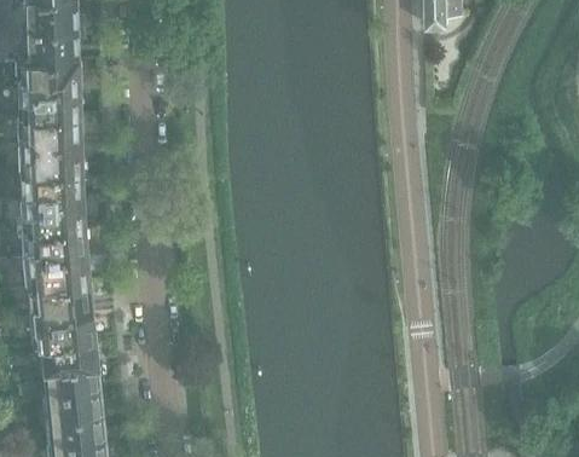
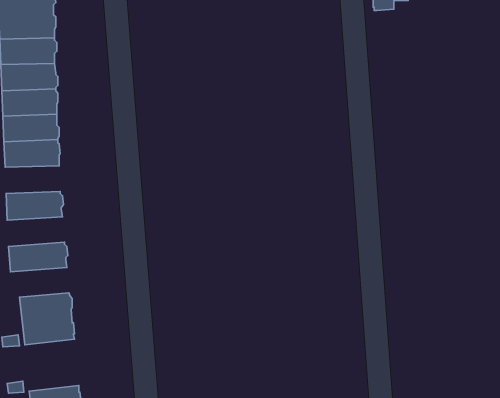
building: [24,199,86,230] -> none
building: [27,255,91,288] -> none
building: [30,311,97,343] -> none
building: [46,389,105,446] -> none

